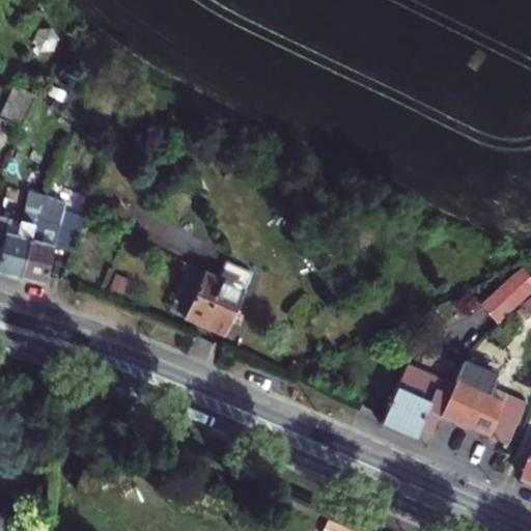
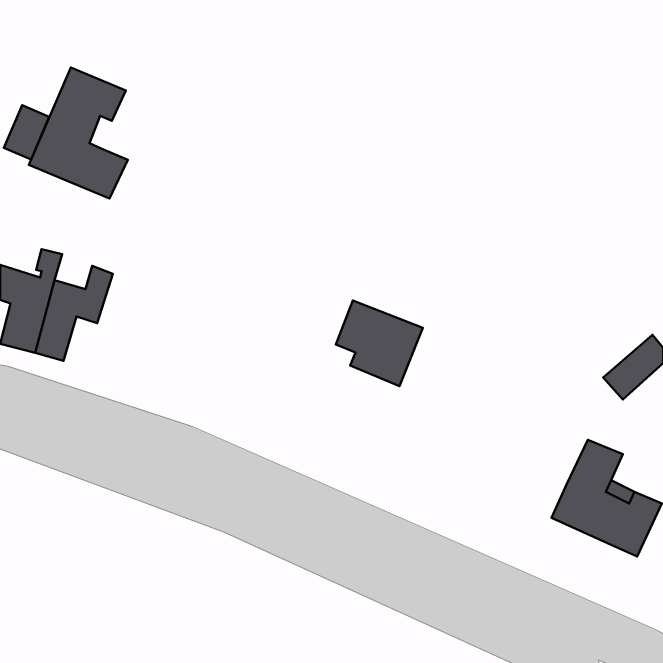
building: none -> [29,67,128,198]
building: [167,258,236,327] -> [336,301,423,386]
building: [381,365,453,438] -> none

